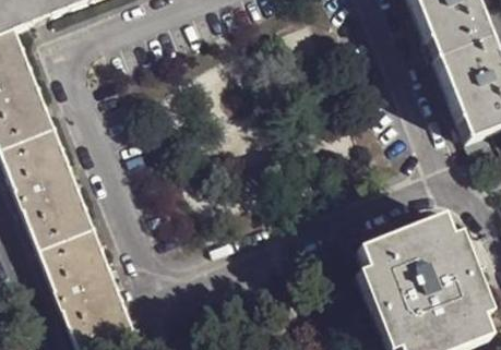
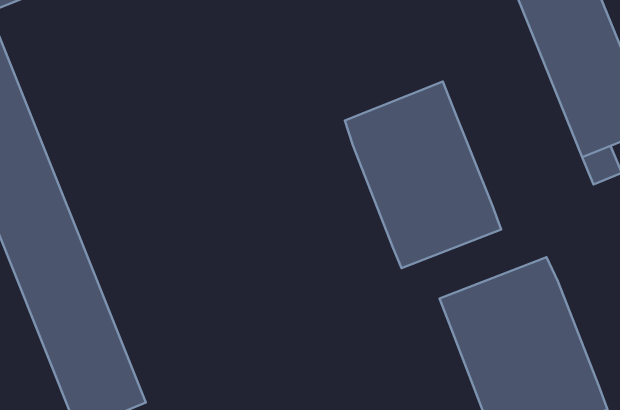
building: none -> [345,82,501,268]

